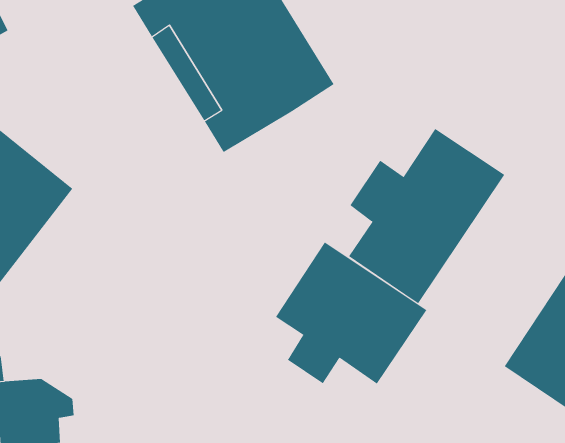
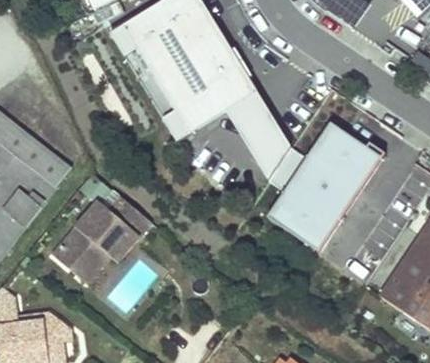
building: none -> [227,91,291,179]
building: none -> [53,196,150,281]
building: [275,242,427,384] -> none

